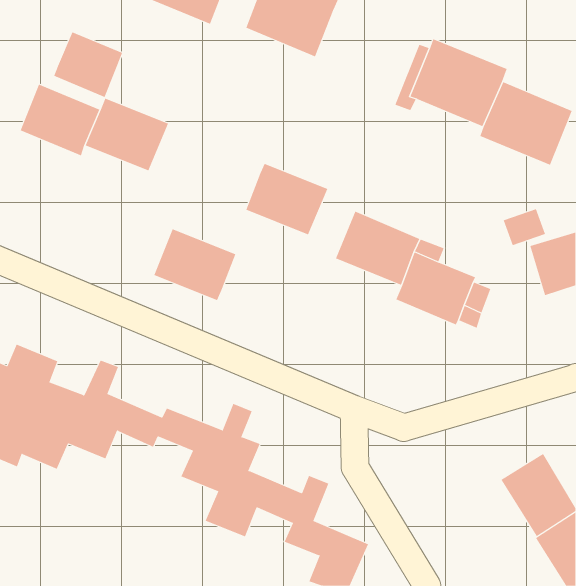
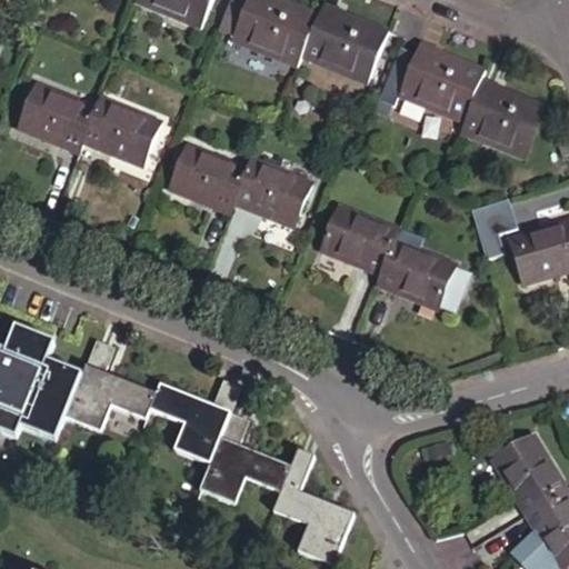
building: none -> [298,10,385,90]
building: [54,31,123,98] -> none
building: [153,229,236,301] -> [169,141,248,210]

